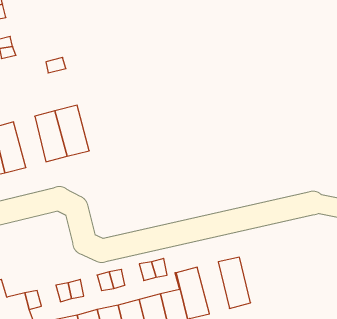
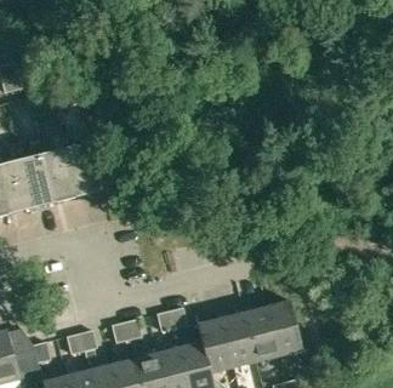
building: none -> [19,152,55,207]
building: none -> [266,299,301,355]
building: none -> [220,310,255,367]

